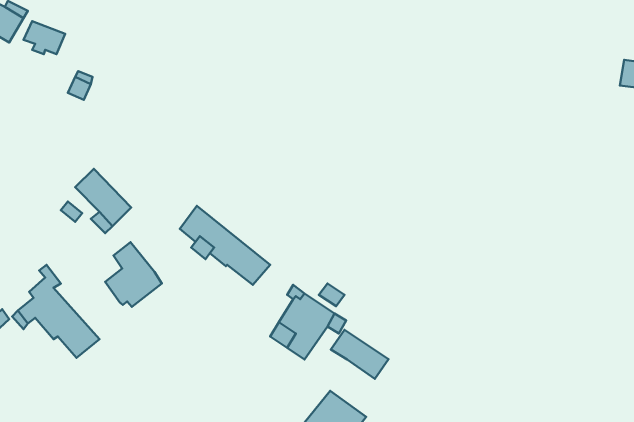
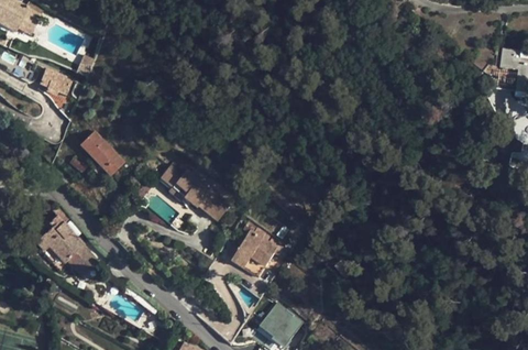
building: [24,21,65,54] -> [40,69,72,95]
building: [105,242,162,307] -> none
building: [331,330,388,379] -> none

